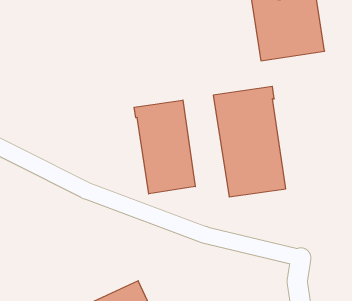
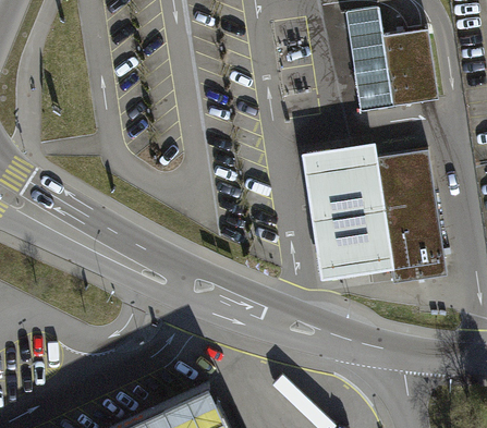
building: none -> [375,151,448,284]
building: [134,100,195,194] -> none

